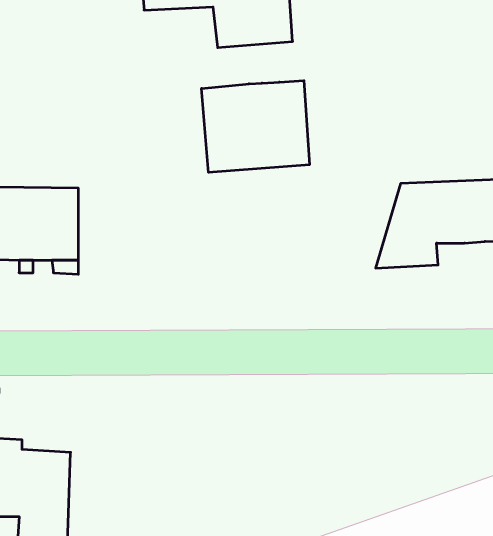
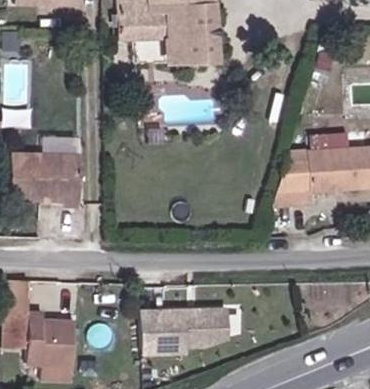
building: [202,81,309,172] -> none
building: none -> [139,307,226,354]

